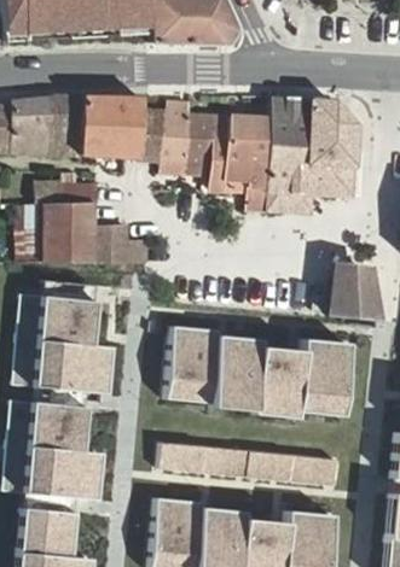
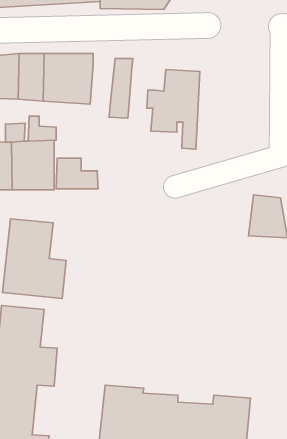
building: [271,97,359,197] -> none
building: [141,110,170,159] -> none
building: [189,113,233,163] -> none
building: [170,326,353,420] -> none
building: [163,443,342,486] -> none

